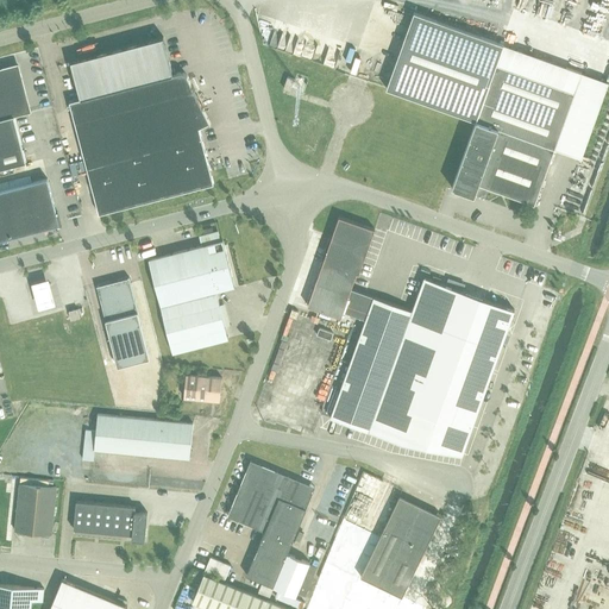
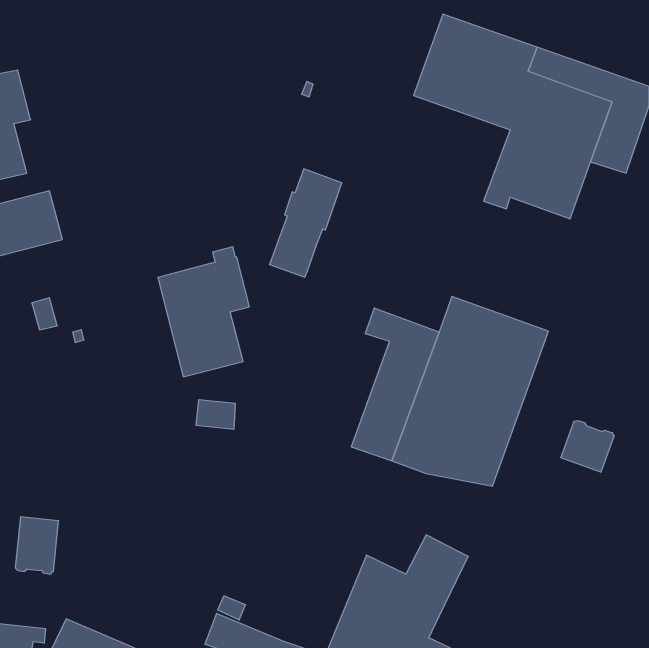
building: [68,39,212,215] -> none
building: [306,219,373,320] -> [269,169,342,277]
building: [95,280,149,369] -> none
building: none -> [561,421,614,472]
building: [82,415,192,462] -> none
building: [227,463,314,598] -> none
building: [73,503,146,541] -> none

